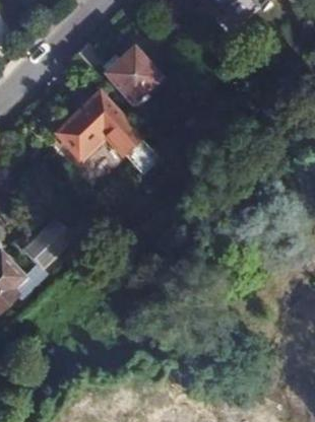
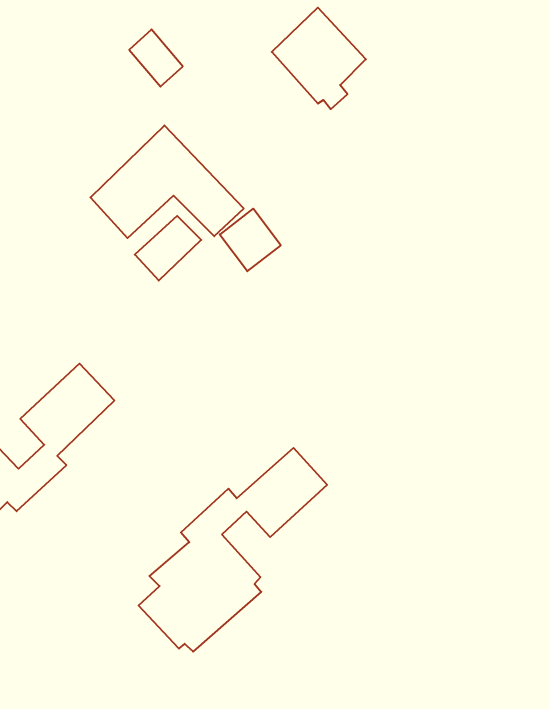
building: [107,48,159,103] -> [272,8,366,109]
building: none -> [139,448,327,652]

